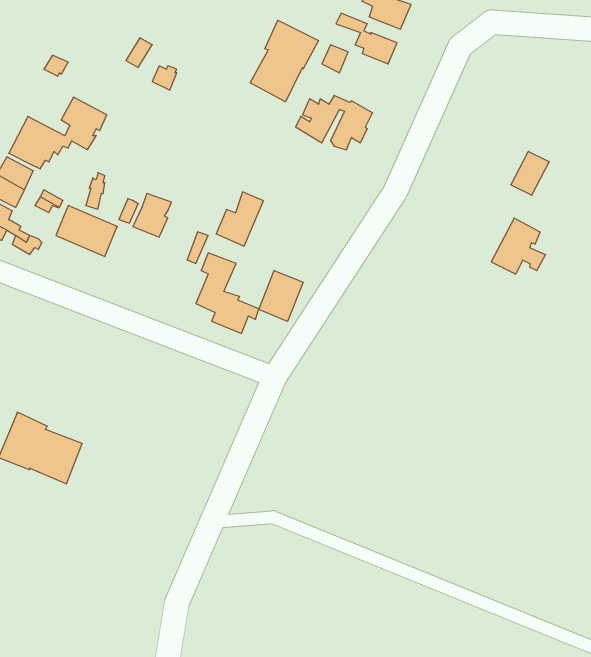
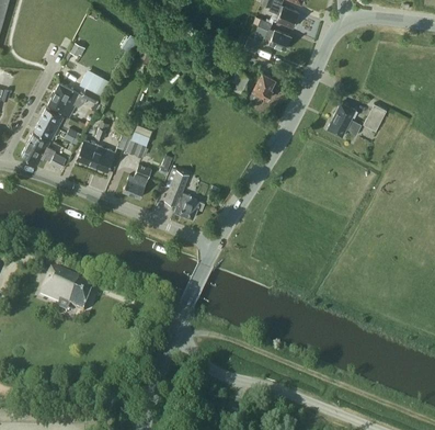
building: [250,20,319,102] -> none
building: [216,192,263,246] -> [122,162,151,196]
building: [491,218,546,274] -> [327,101,360,136]
building: [259,270,303,321] -> none

